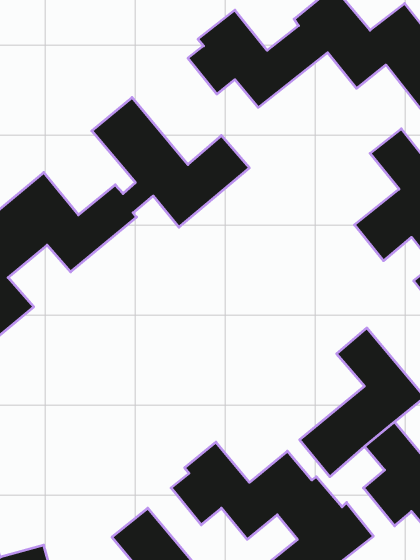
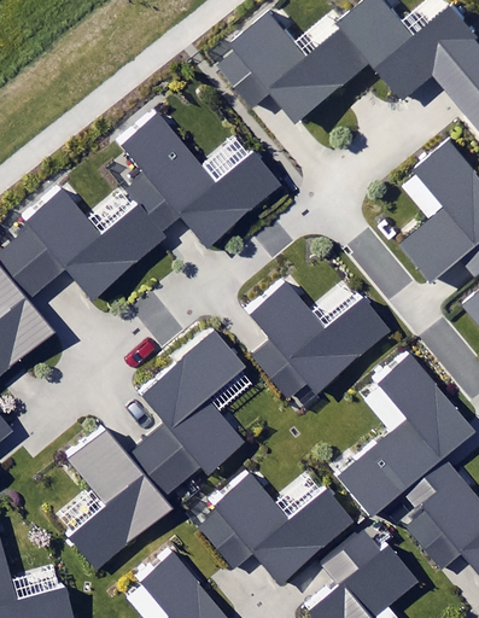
building: none -> [249,285,392,400]
building: none -> [65,326,249,570]

